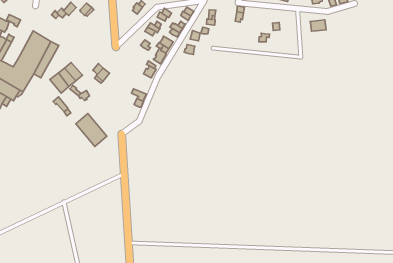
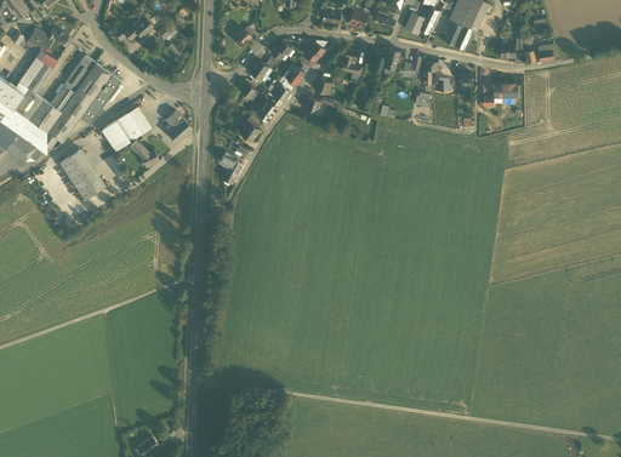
building: [76,113,107,146] -> [59,148,103,198]

